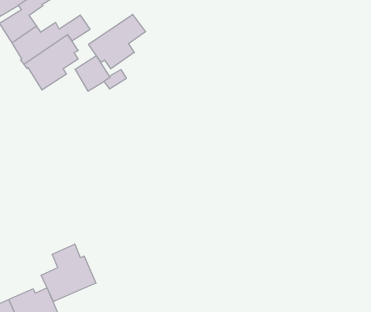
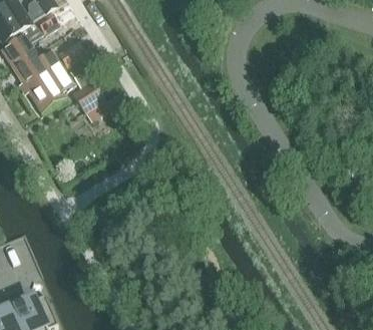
building: [89,14,146,69] -> none
building: [41,244,96,302] -> none

